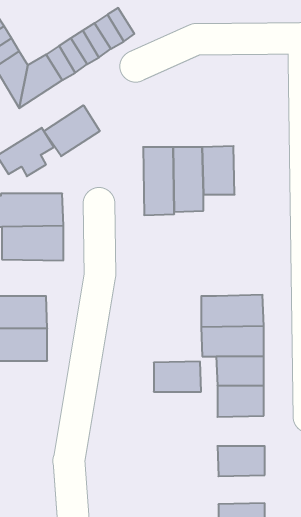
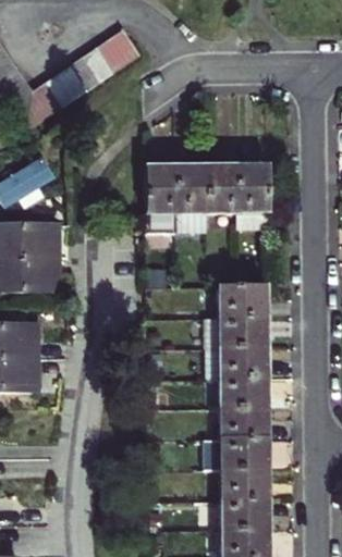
building: [44,105,100,156] -> none
building: none -> [239,171,268,233]
building: none -> [220,288,268,322]
building: [154,362,201,392] -> [222,443,270,473]
building: none -> [223,503,270,532]

